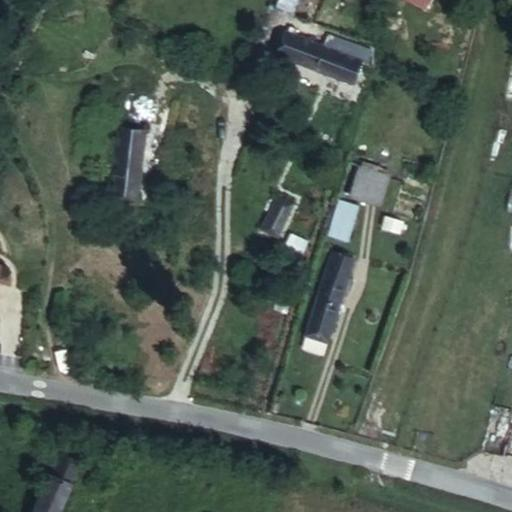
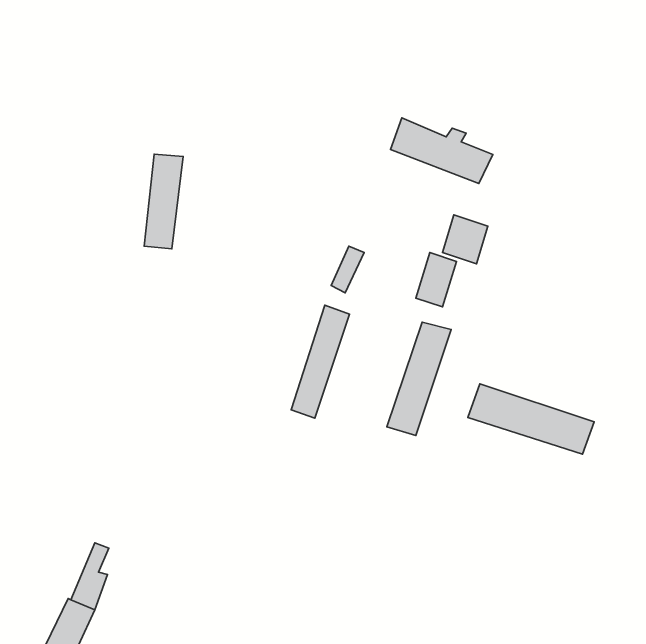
building: [282,33,363,85] -> [390,118,493,184]
building: none -> [291,305,349,418]
building: none -> [468,384,594,454]

